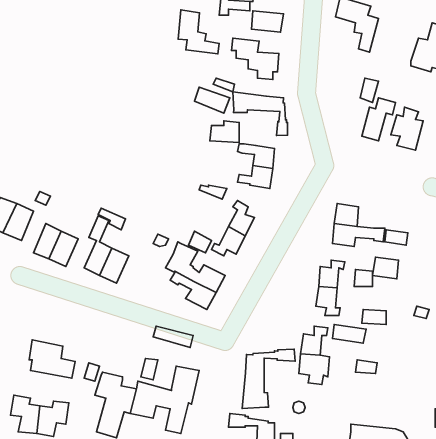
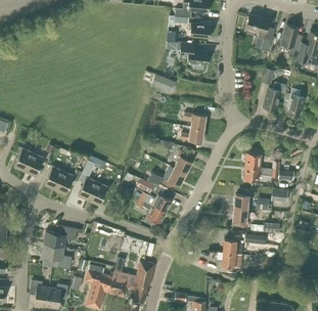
building: [178,10,219,54] -> none
building: none -> [280,25,302,57]
building: [233,92,288,135] -> none
building: none -> [43,225,83,248]
building: [242,349,295,408] -> none

